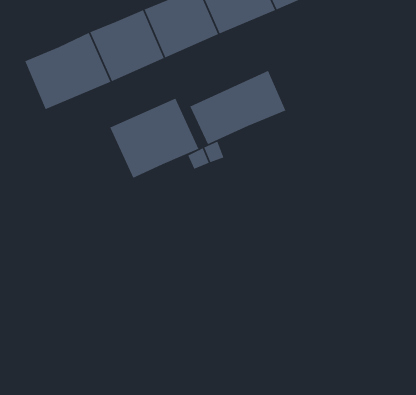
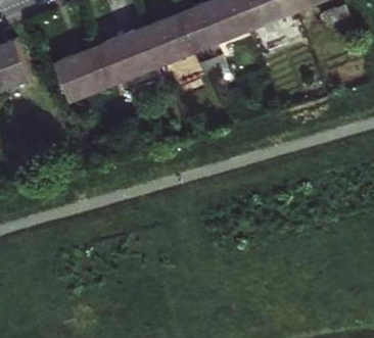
building: [189,70,286,145] -> none
building: [109,97,199,179] -> none

